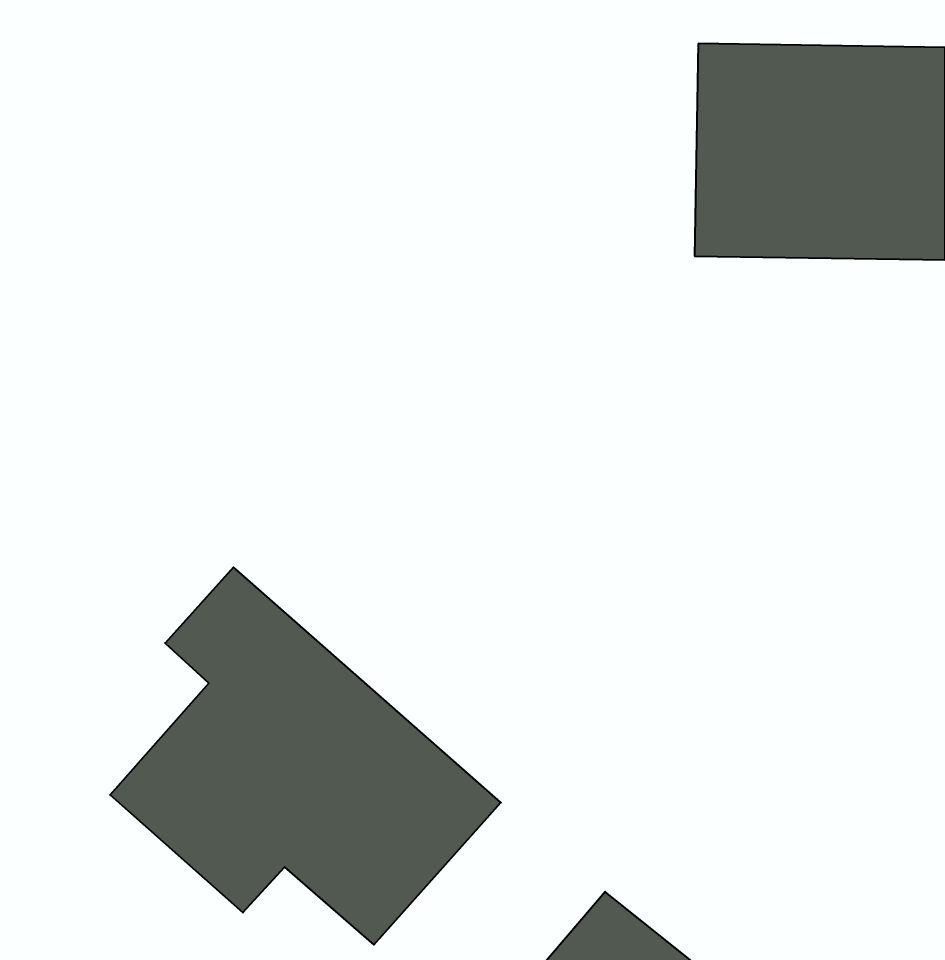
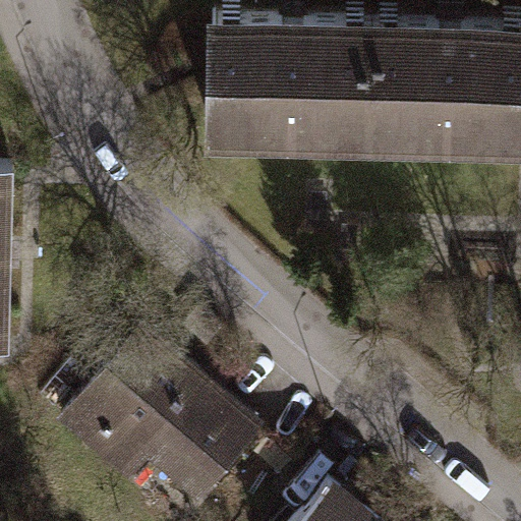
building: none -> [210,25,374,142]

